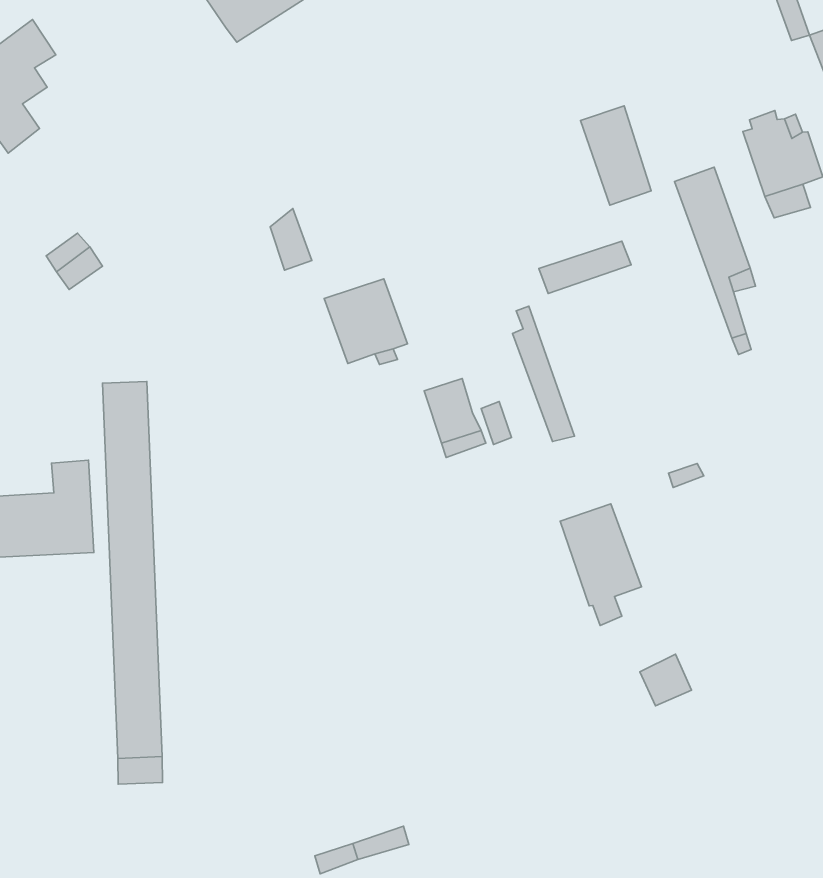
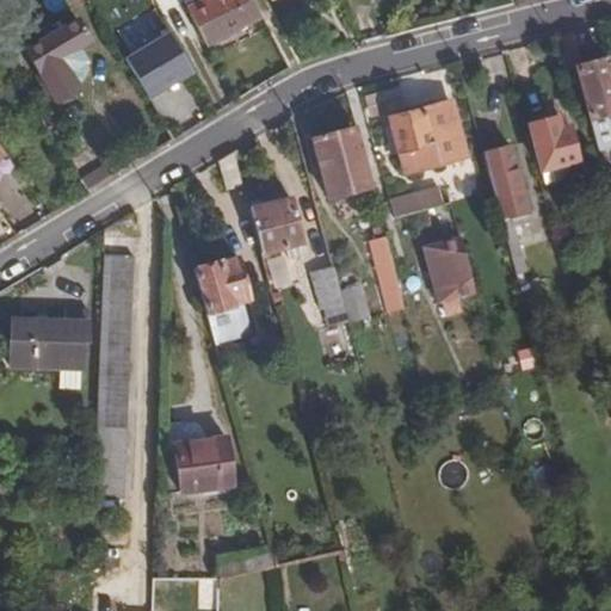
building: none -> [125,32,191,95]
building: none -> [391,107,440,180]
building: none -> [315,124,372,197]
building: none -> [196,257,251,341]
building: [560,504,642,625] -> [427,237,476,315]
building: none -> [175,436,236,494]

